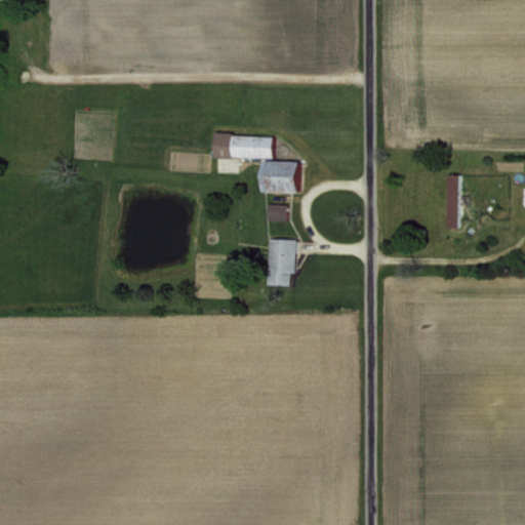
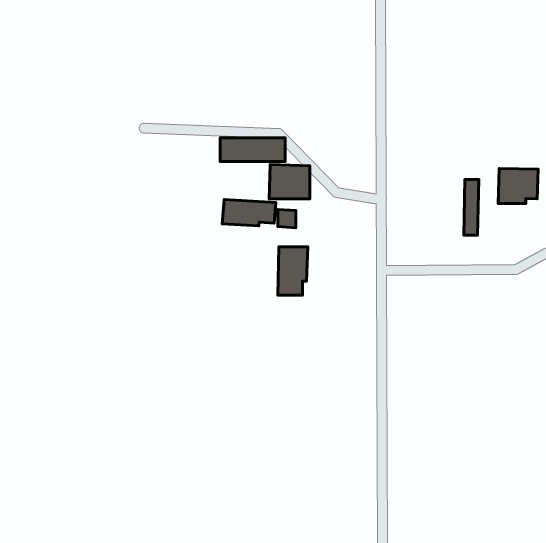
building: none -> [498,168,538,204]
building: none -> [222,200,276,226]

